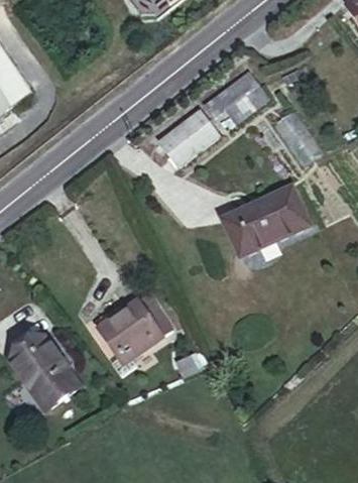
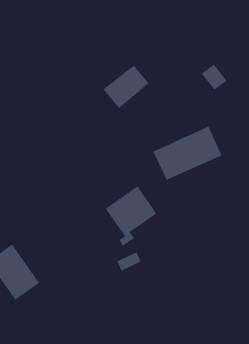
building: [204,69,267,120] -> none
building: [102,295,167,372] -> [105,185,157,247]

